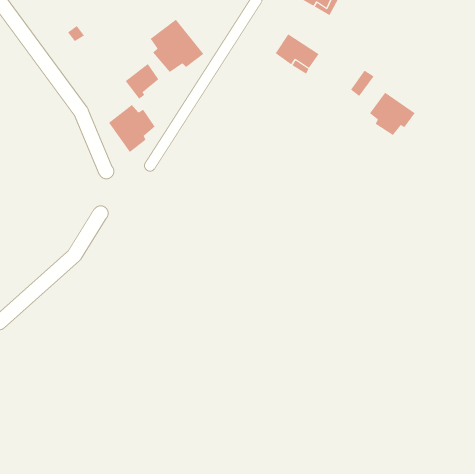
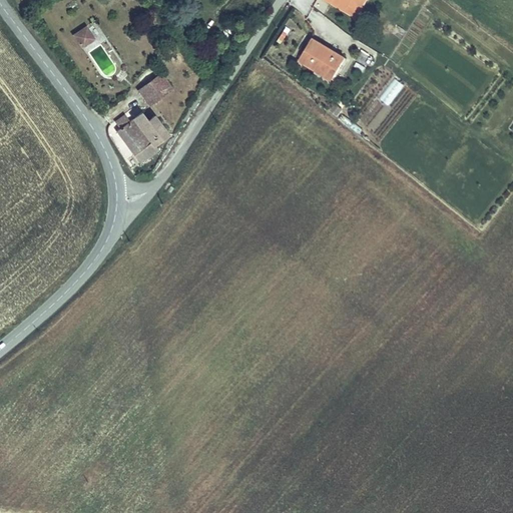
building: [150,19,204,73] -> none
building: [369,92,416,136] -> none

